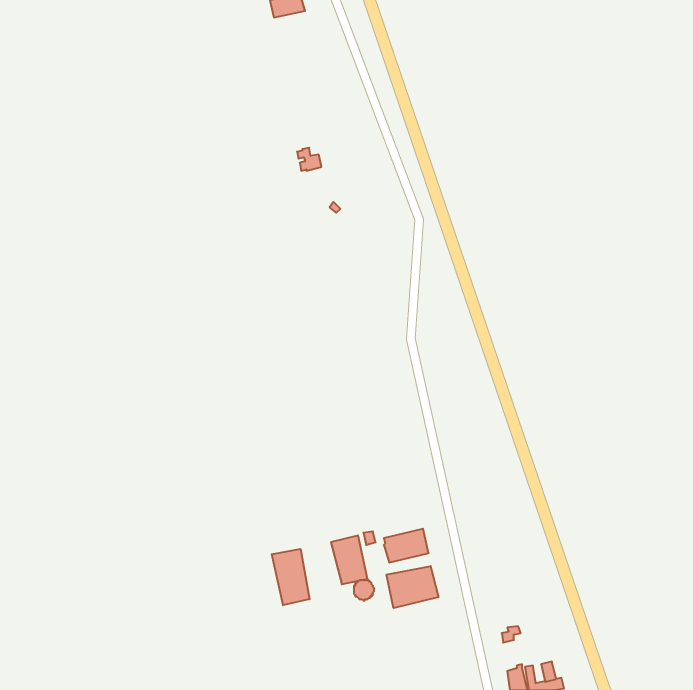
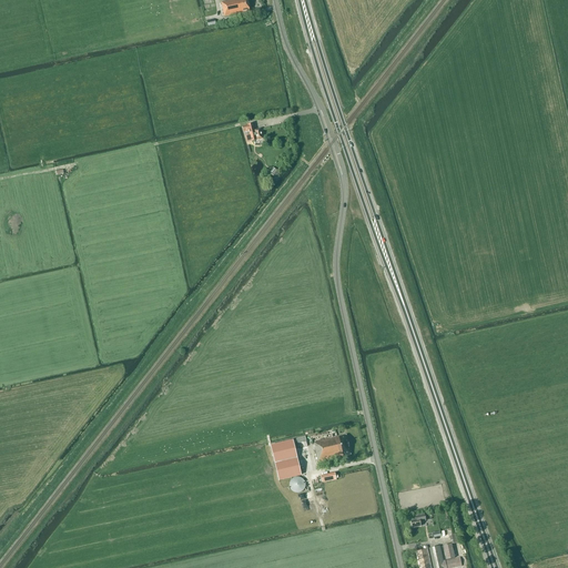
building: [272,549,310,605] -> none
building: [386,566,438,608] -> none

